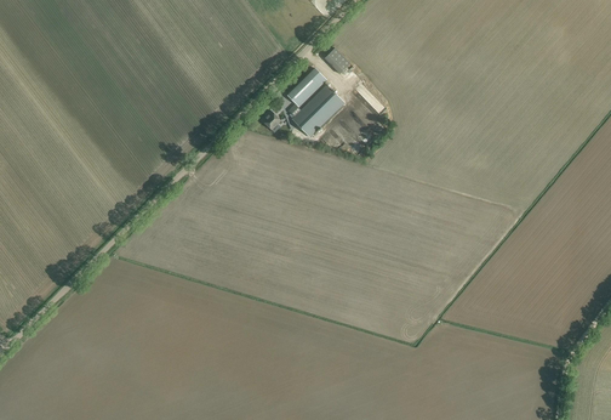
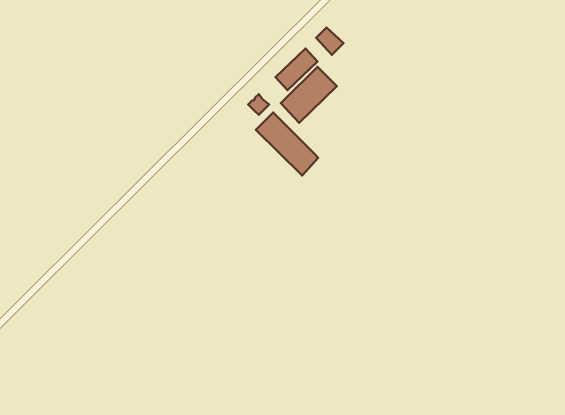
building: none -> [256,113,318,175]

